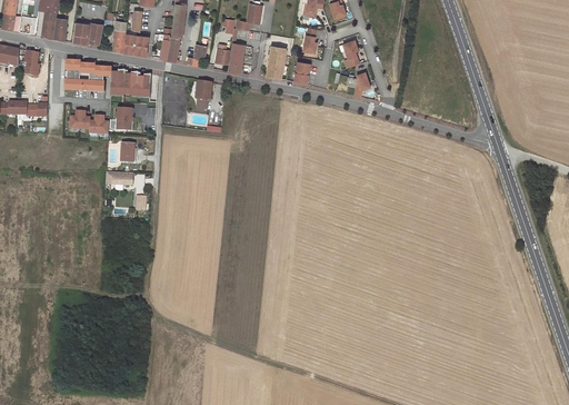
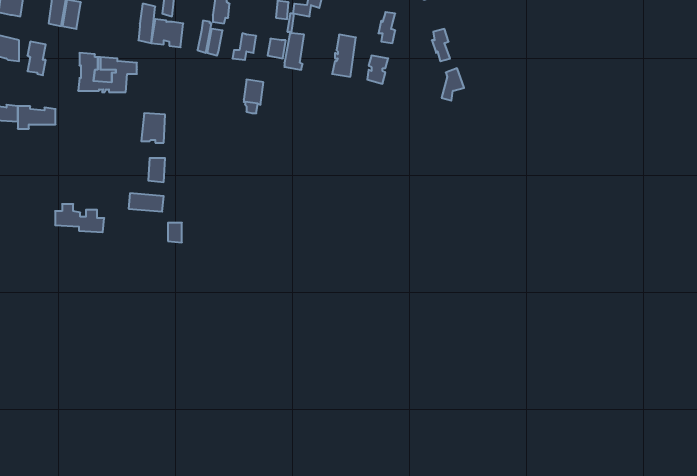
building: [72,22,102,45] -> none
building: [110,68,151,95] -> none
building: [70,110,109,132] -> [55,204,104,232]

